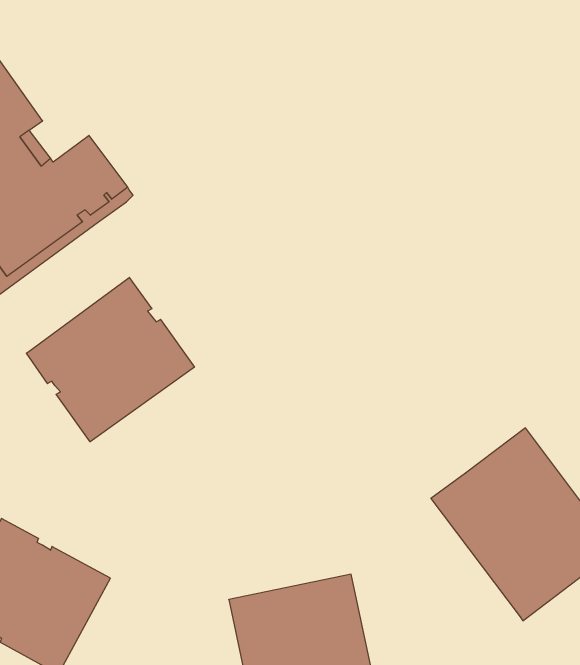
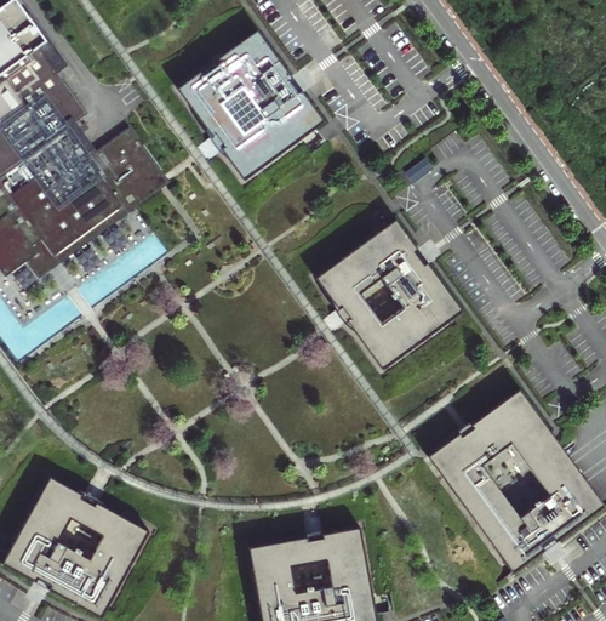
building: none -> [175,29,322,180]
building: none -> [313,218,459,369]
building: [26,277,194,442] -> none

